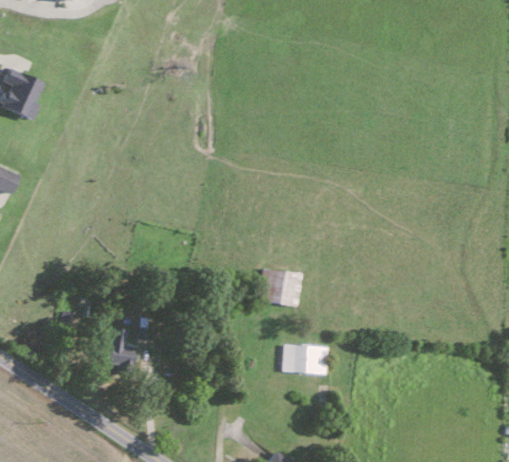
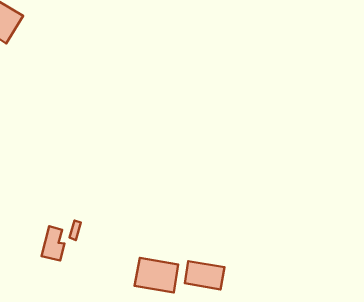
building: [259,269,301,306] -> none
building: none -> [134,258,178,293]

